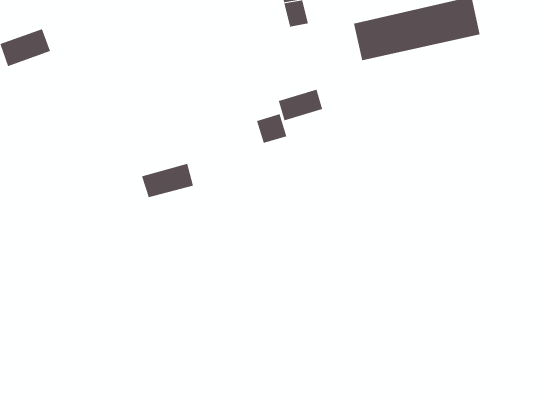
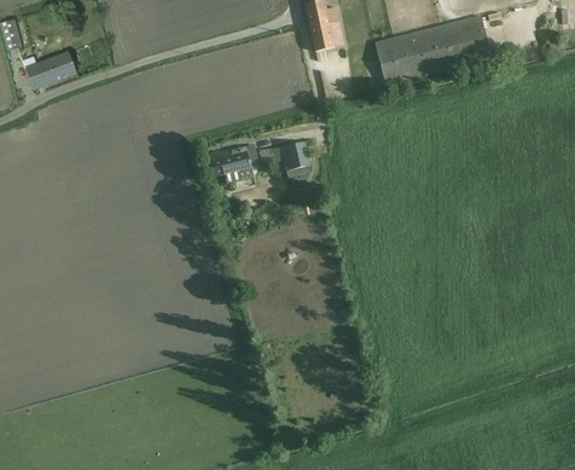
building: [278,89,323,121] -> none
building: [141,163,194,198] -> [205,138,259,173]

